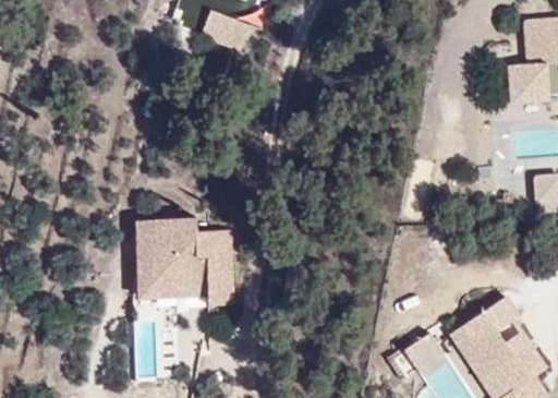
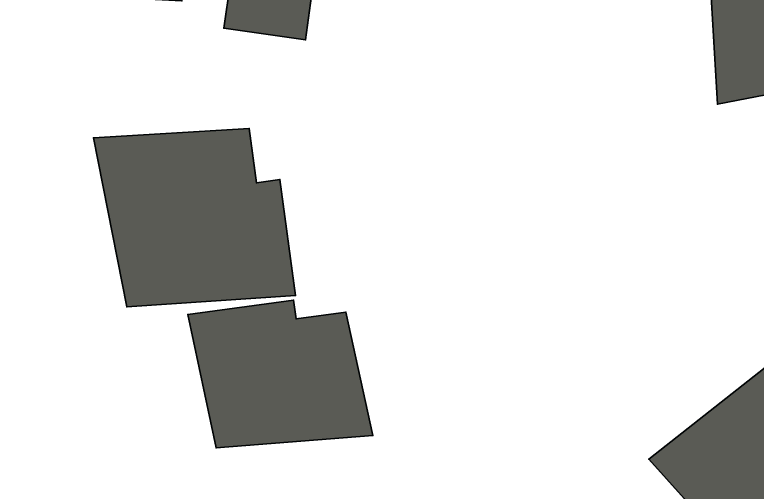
building: none -> [93,128,295,307]

